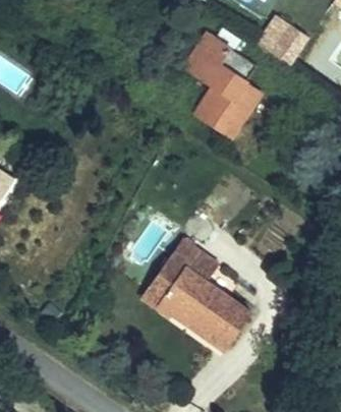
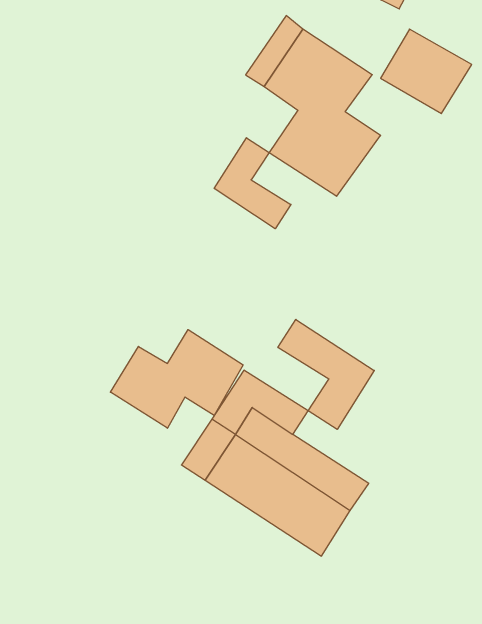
building: none -> [214,138,291,229]
building: none -> [278,319,374,429]
building: none -> [110,330,243,428]

